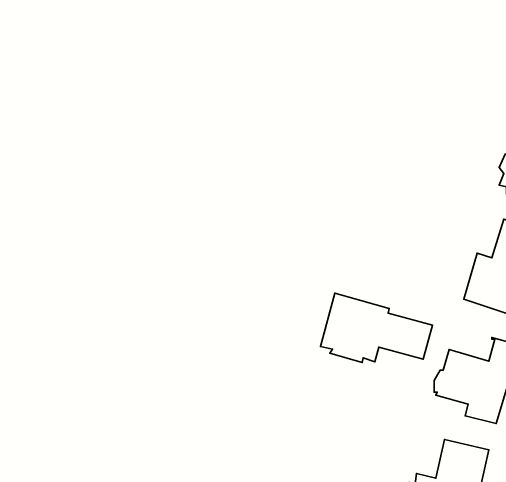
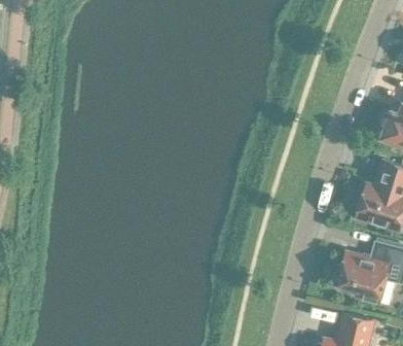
building: [320,293,432,363] -> none

